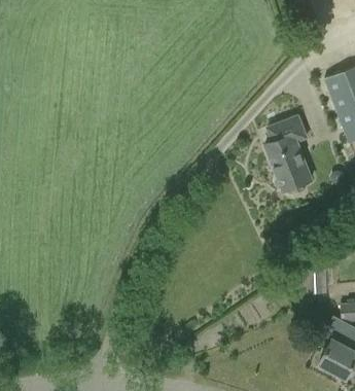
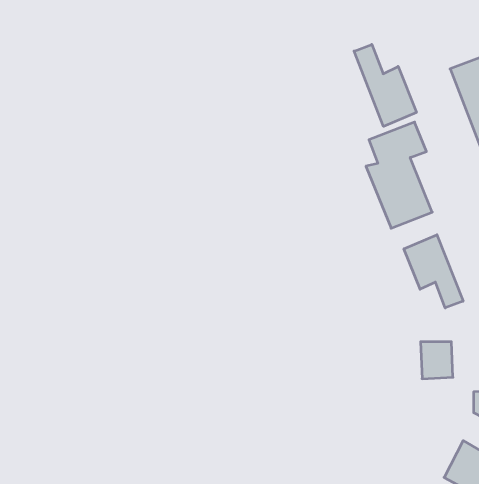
building: none -> [354,44,416,126]
building: none -> [404,235,463,308]

